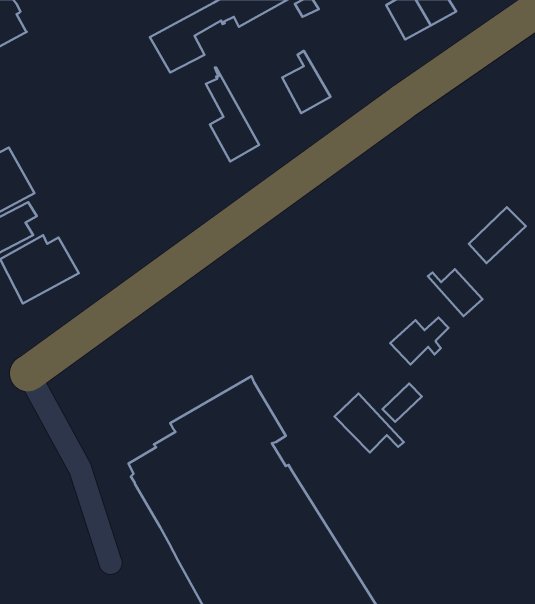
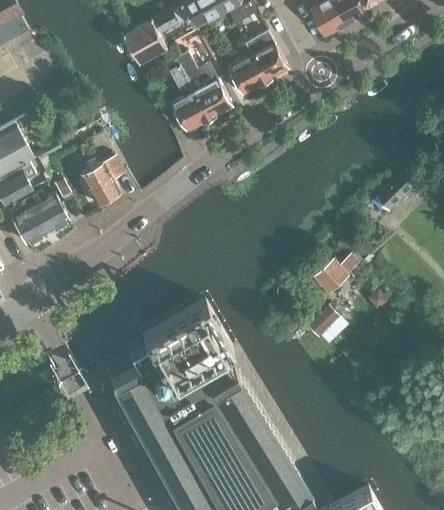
building: none -> [245,31,288,81]
building: none -> [176,52,233,119]
building: none -> [76,156,122,206]
building: [428,269,483,316] -> none
building: [334,394,404,453] -> none

